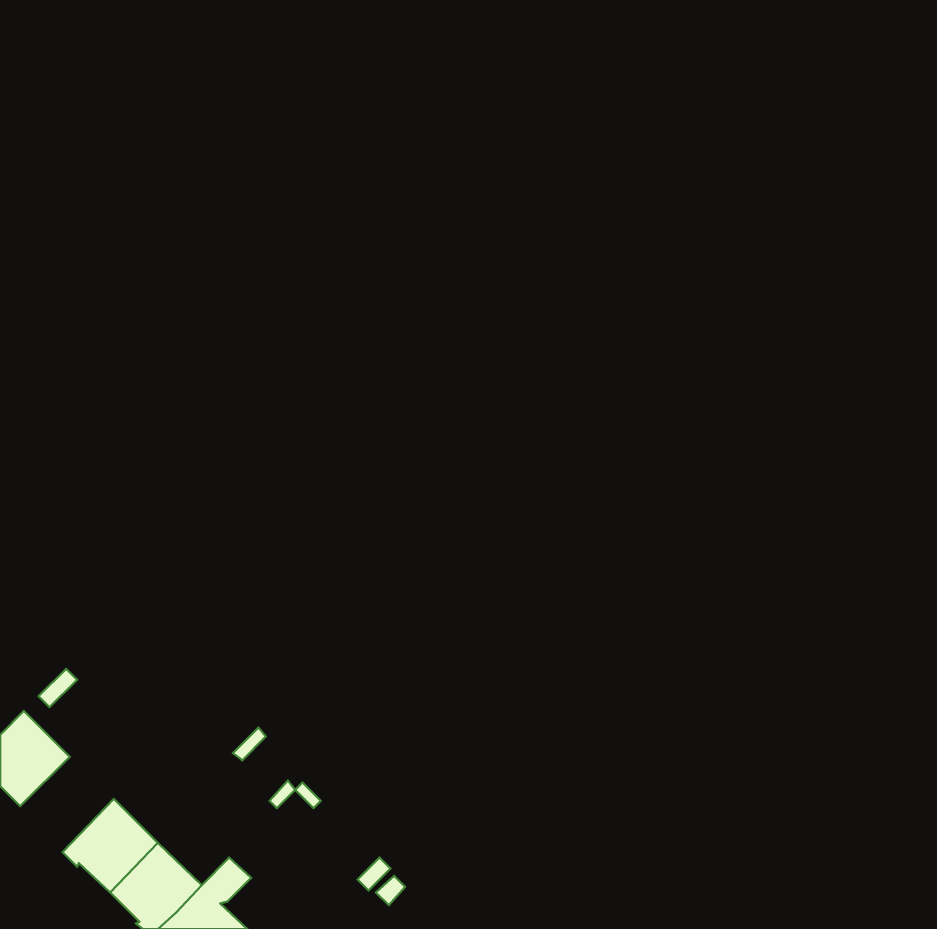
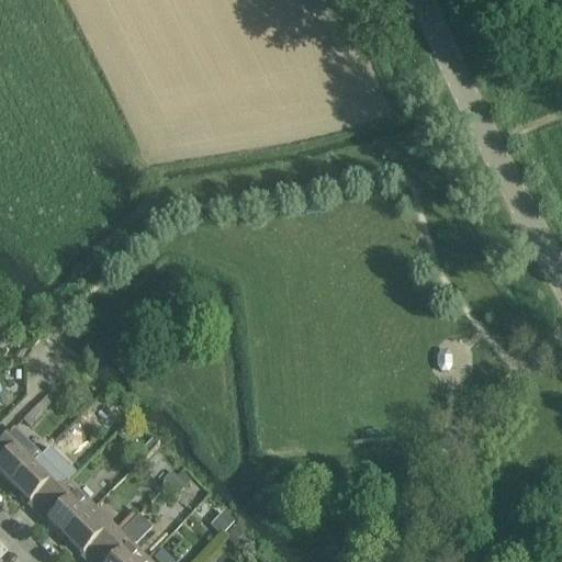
building: none -> [12,445,77,510]

